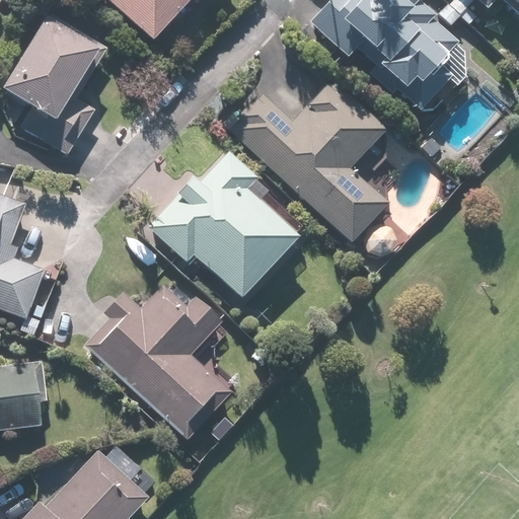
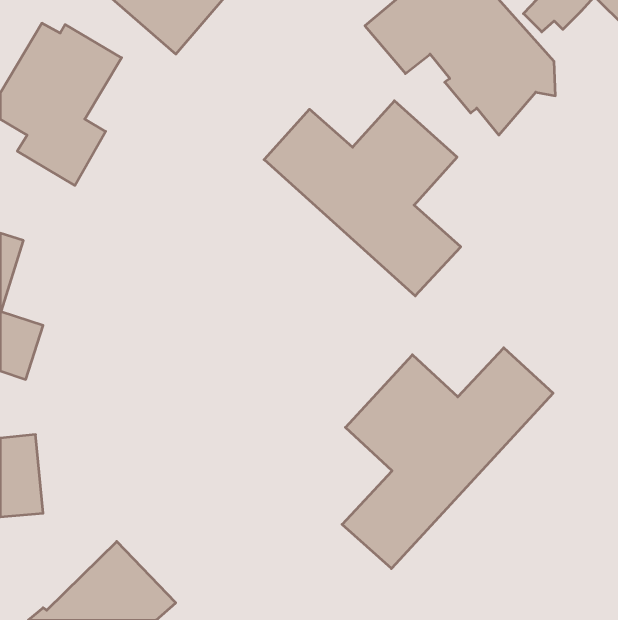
building: [148,154,292,299] -> none
building: [89,284,232,440] -> none
building: none -> [342,348,553,569]

